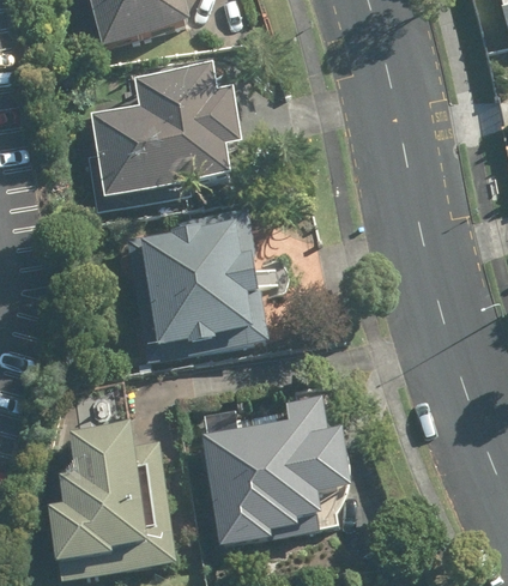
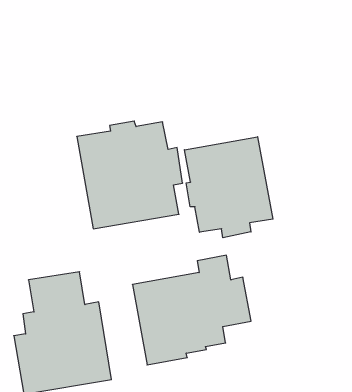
building: [80,68,252,213] -> none
building: none -> [184,137,273,238]

